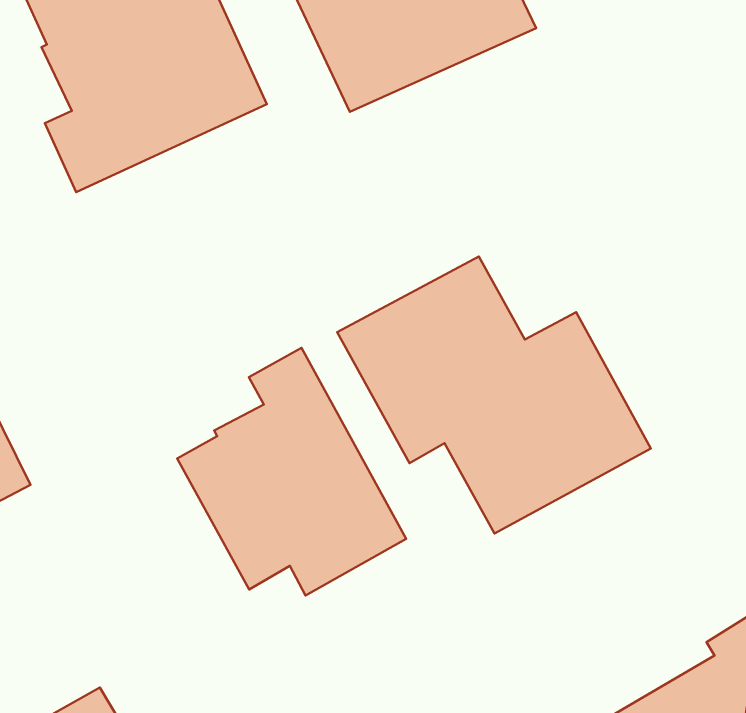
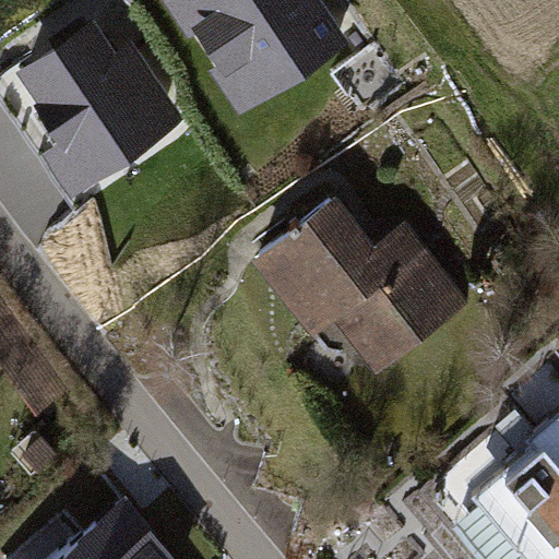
building: [177,348,406,595] -> none

